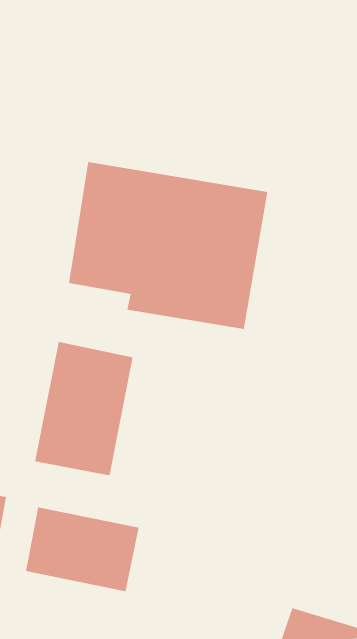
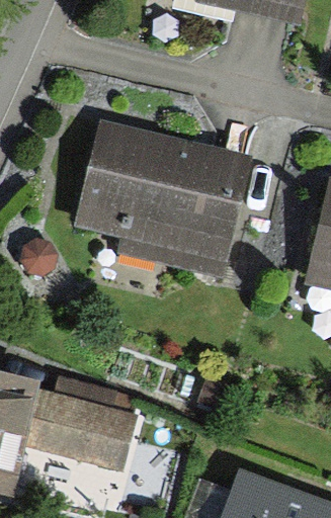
building: [35,341,133,476] -> none

